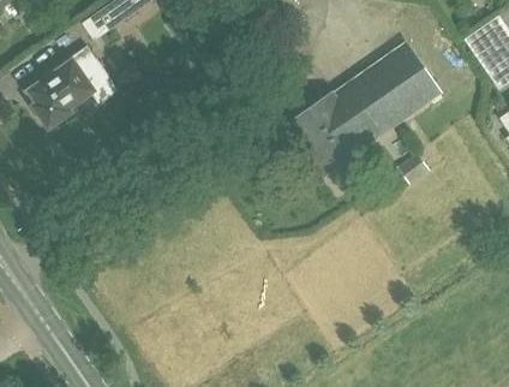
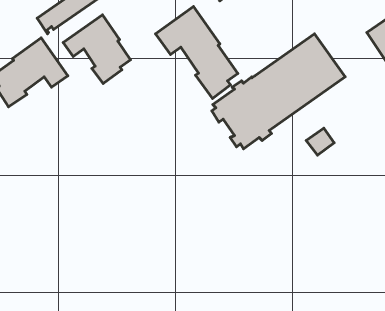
building: none -> [155,6,238,98]
building: none -> [63,15,131,83]

